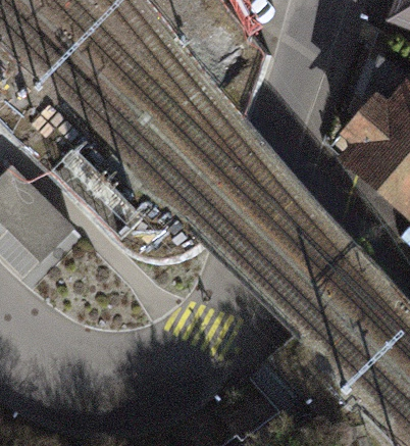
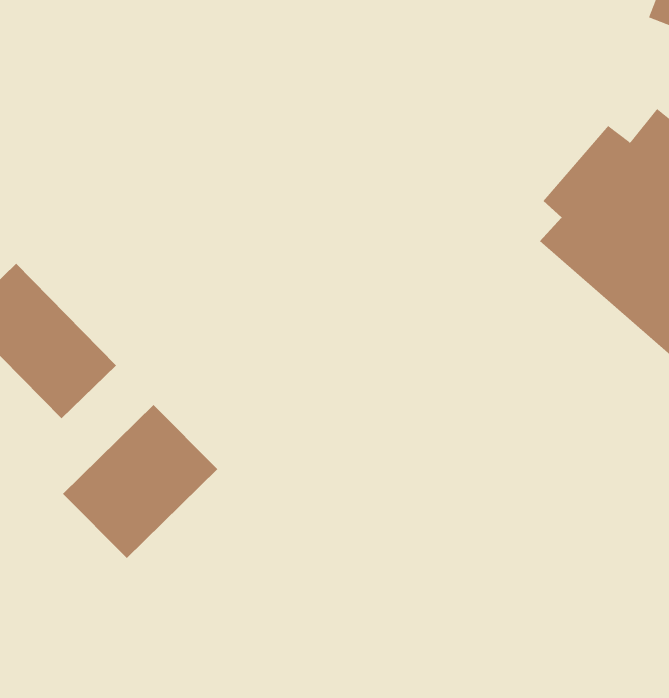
building: none -> [62,404,218,559]

